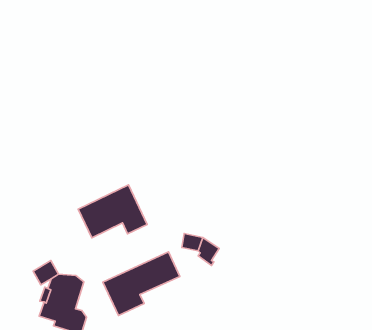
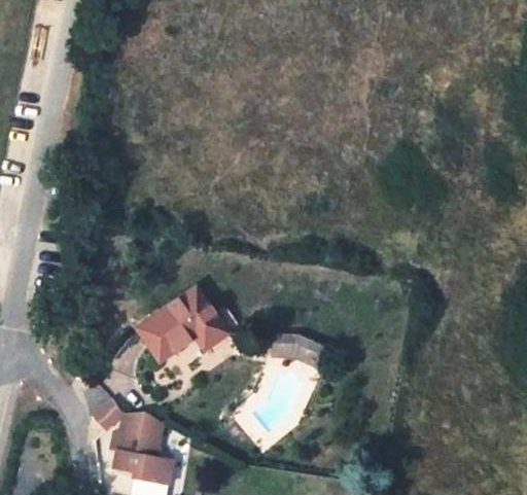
building: [103,252,180,316] -> none

